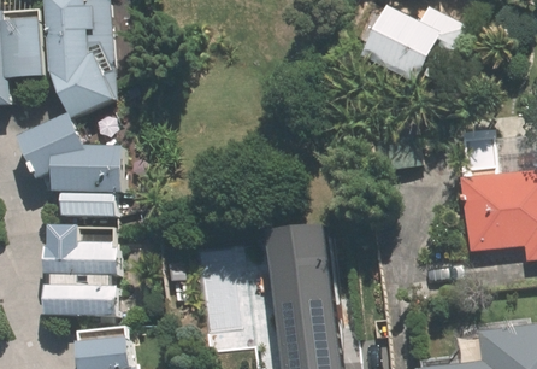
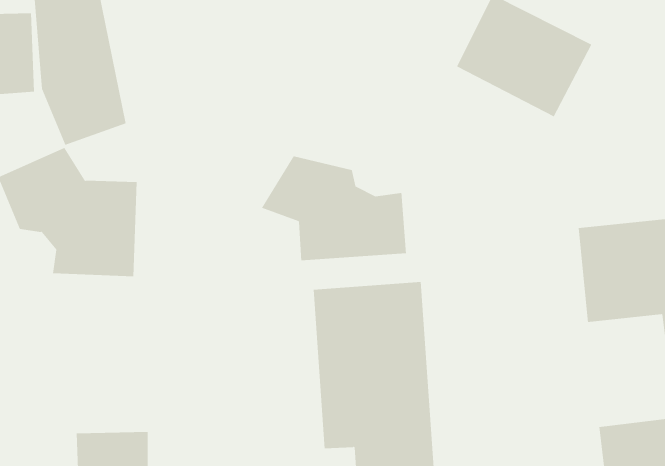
building: none -> [261,156,407,261]
building: [41,224,120,318] -> none

